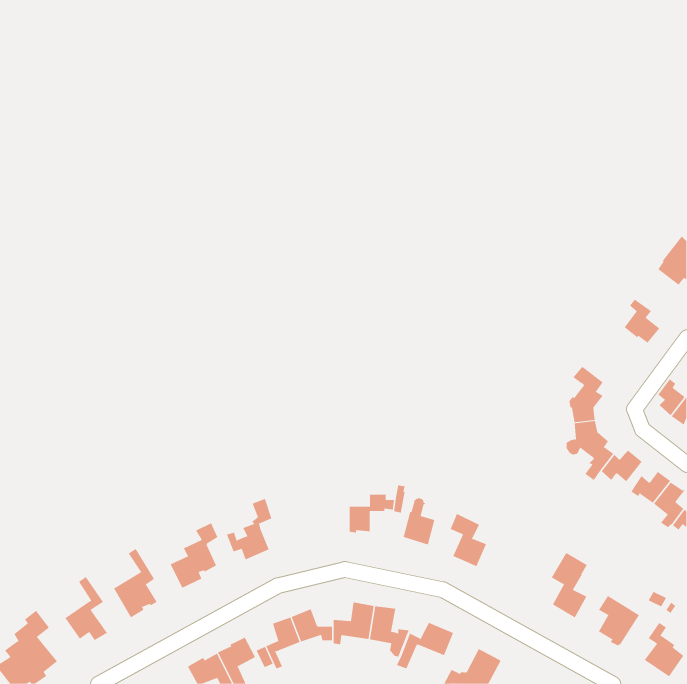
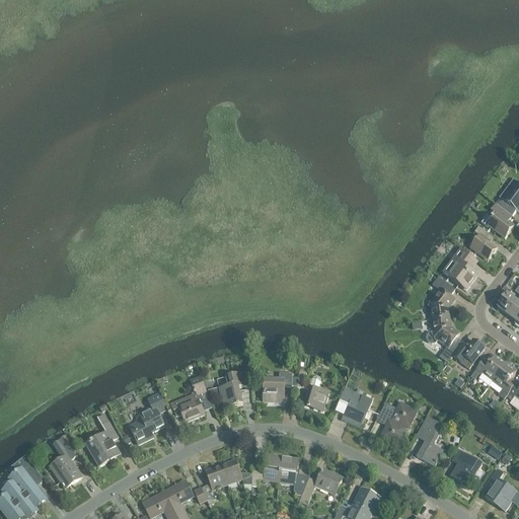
building: none -> [480,203,513,237]
building: none -> [442,247,476,289]
building: none -> [217,369,250,406]
building: none -> [375,403,415,444]

